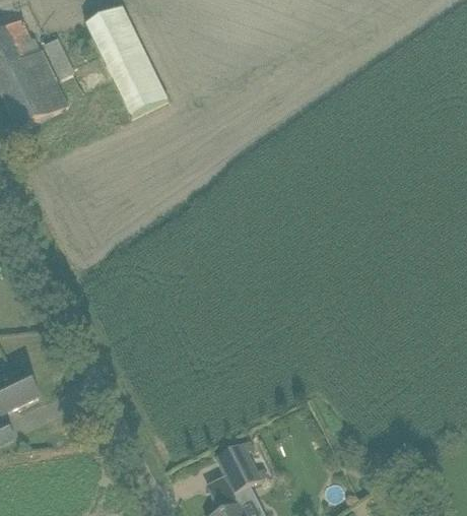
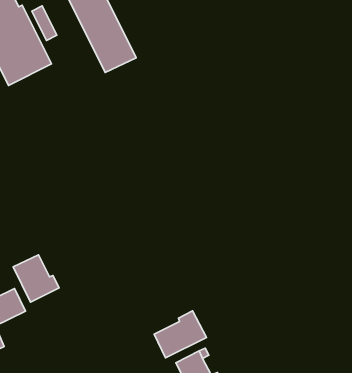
building: none -> [13,255,59,302]
building: none -> [154,311,207,358]

